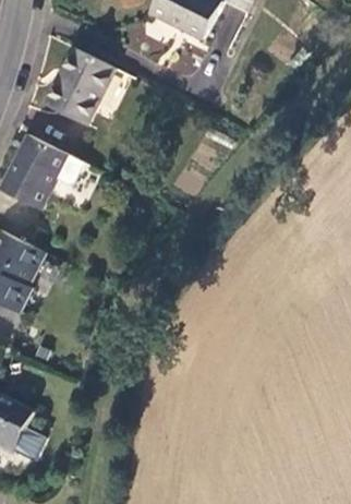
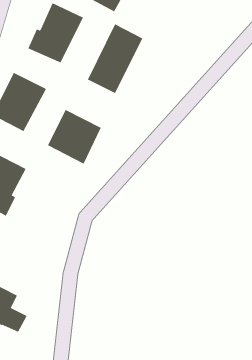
building: none -> [87,24,143,94]
building: none -> [47,109,102,165]

